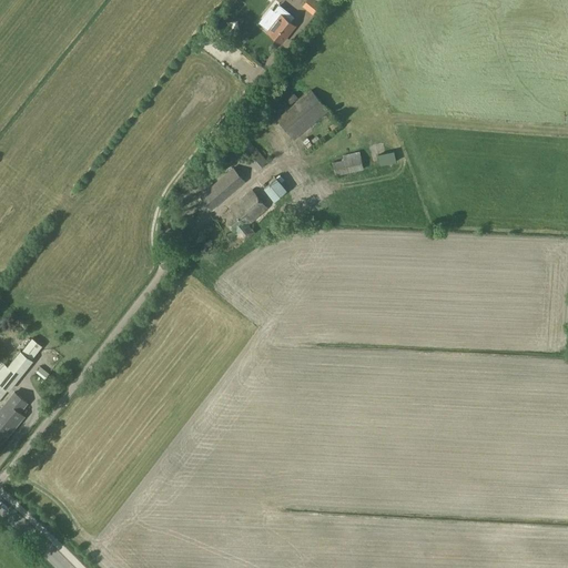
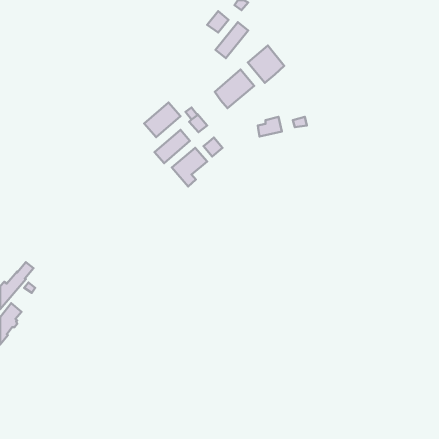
building: none -> [215,22,248,58]
building: none -> [248,45,284,83]
building: none -> [144,103,180,137]

